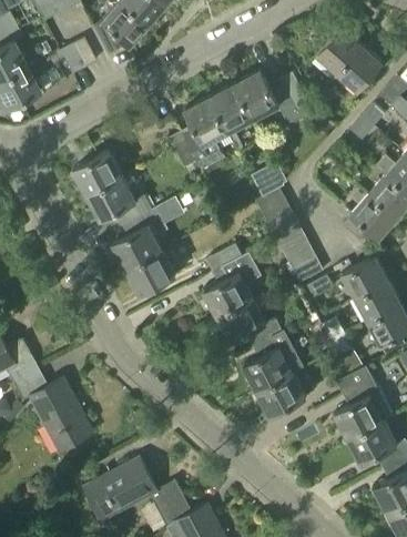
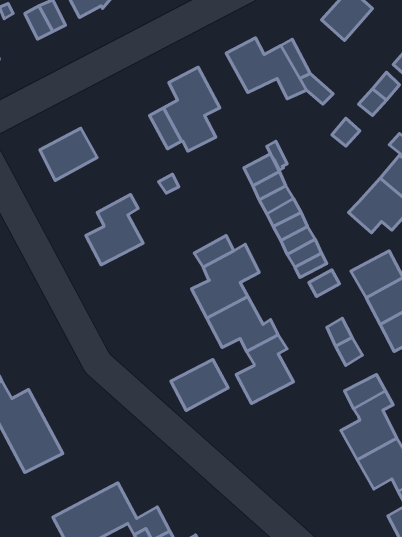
building: [337,47,381,92] -> none
building: [210,85,253,133] -> none
building: [85,176,151,224] -> none
building: [125,251,175,295] -> none
building: [256,372,306,416] -> [171,360,228,411]

